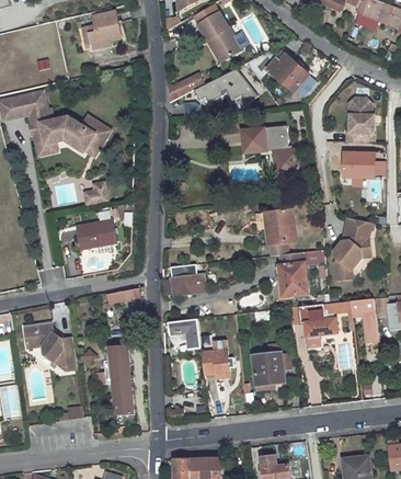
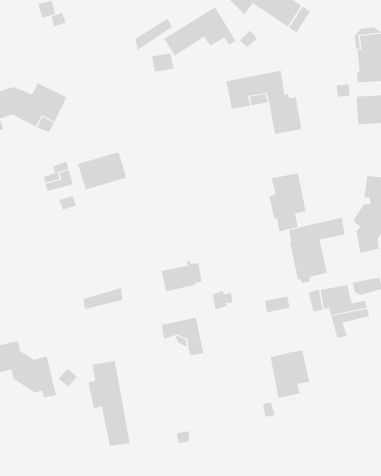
building: [77,220,116,249] -> [77,151,127,190]
building: [200,349,229,381] -> none

